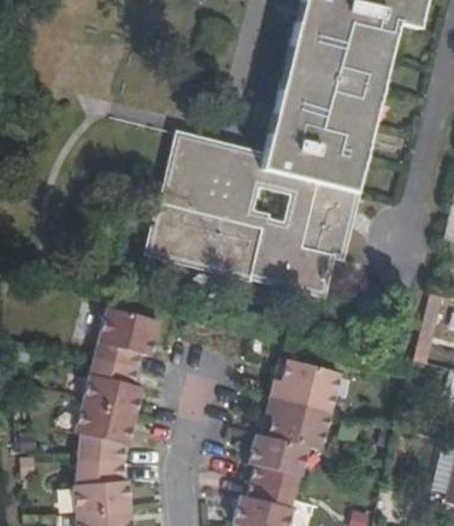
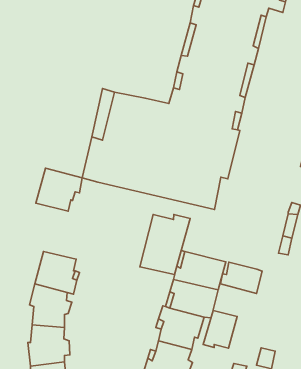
building: none -> [140,214,190,275]
building: [93,311,157,370] -> [36,168,82,211]
building: none -> [220,262,262,294]
building: none -> [203,311,237,348]

